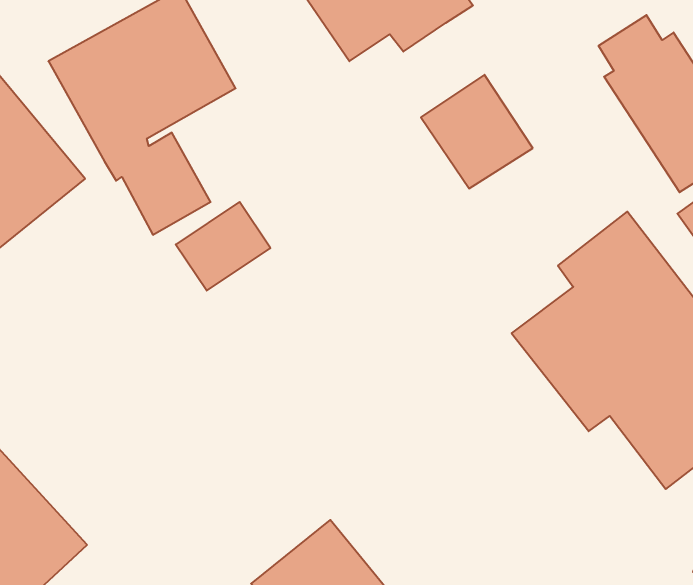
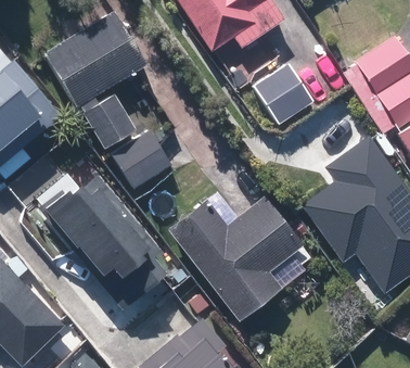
building: none -> [43,164,175,301]
building: none -> [169,193,303,323]

